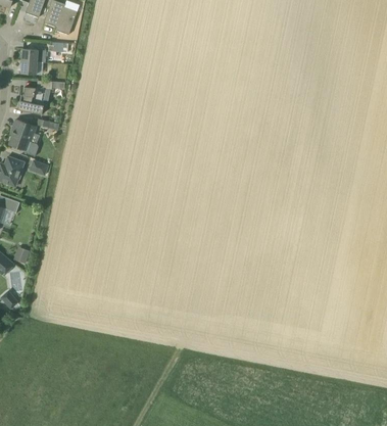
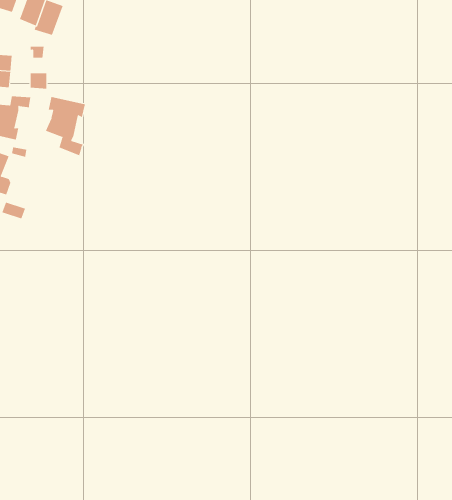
building: none -> [45,96,85,156]

